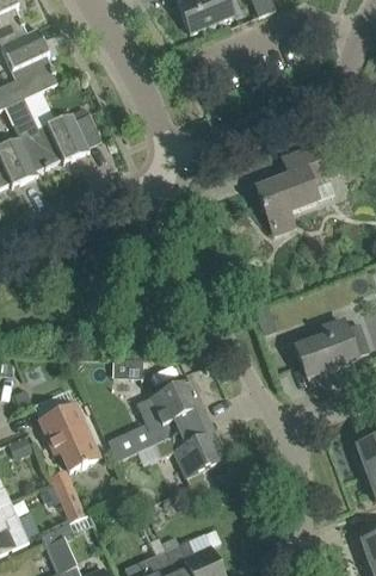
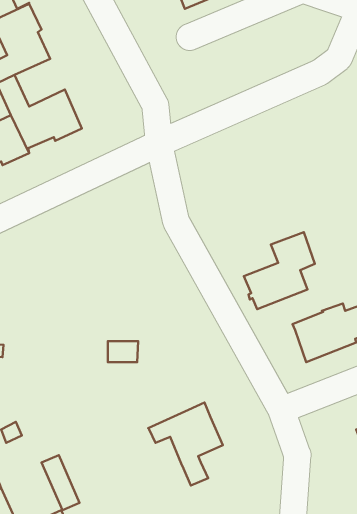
building: [255,144,325,219] -> [244,232,315,309]
building: [106,379,208,462] -> none
building: [39,404,98,471] -> none

